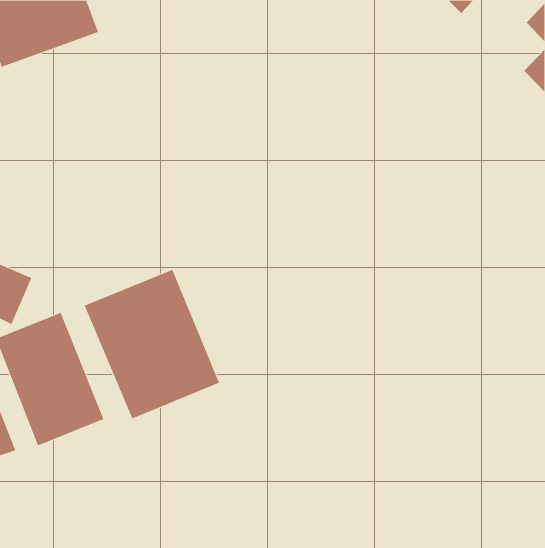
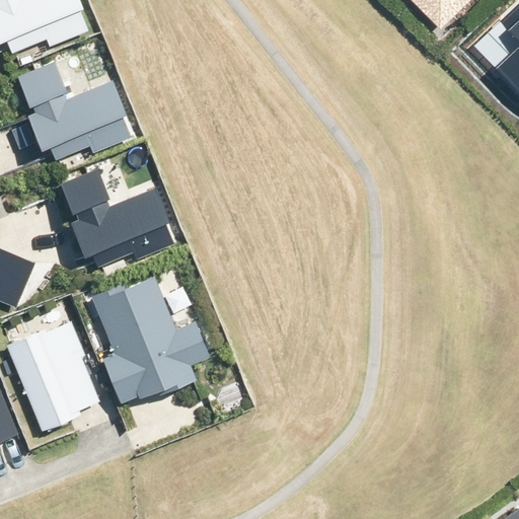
building: none -> [20,68,141,168]
building: none -> [63,176,172,267]

